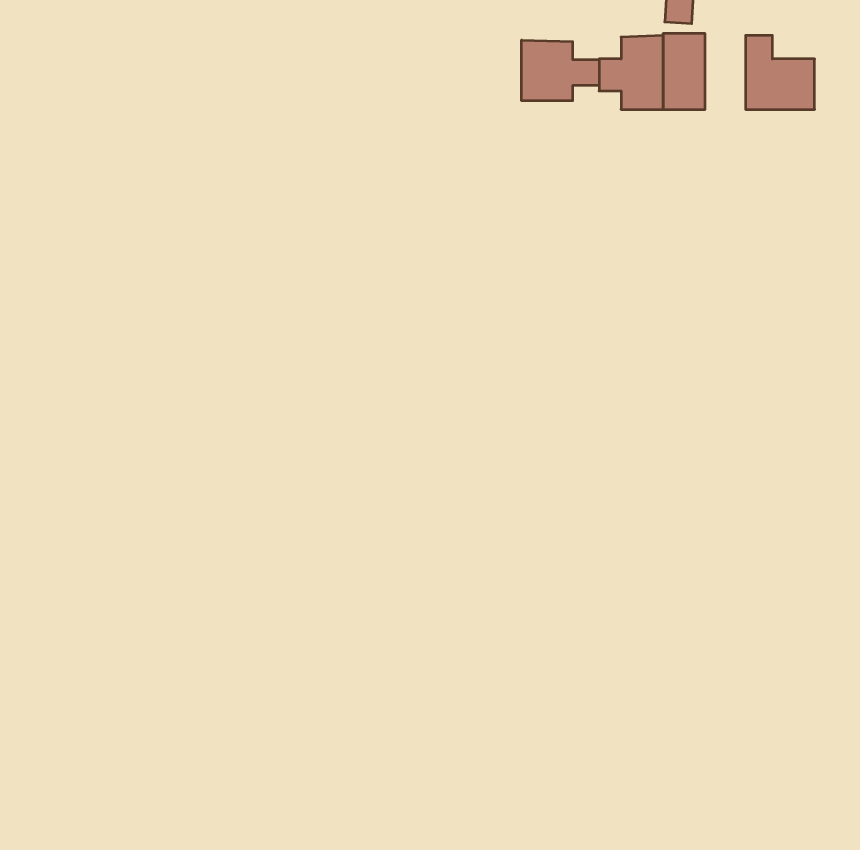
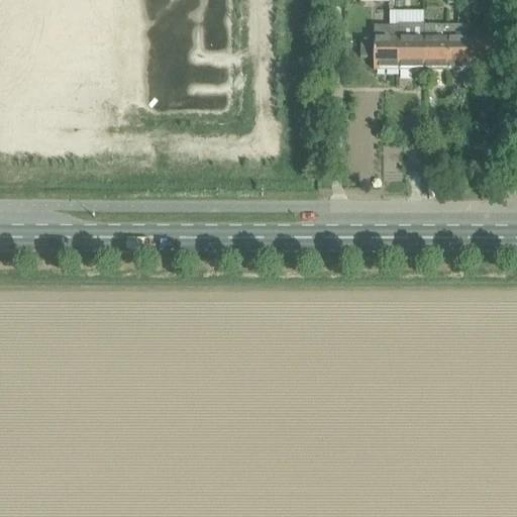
building: none -> [423,21,447,66]
building: [522,40,599,101] -> none

